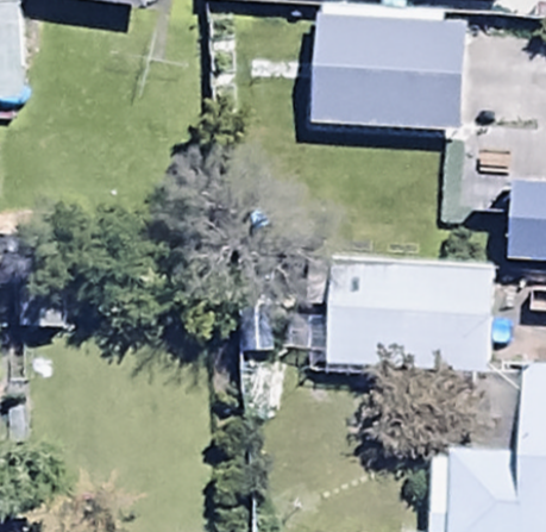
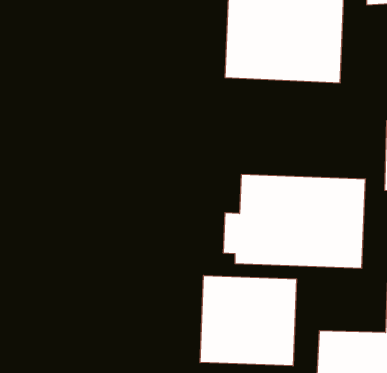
building: none -> [200,275,297,366]

